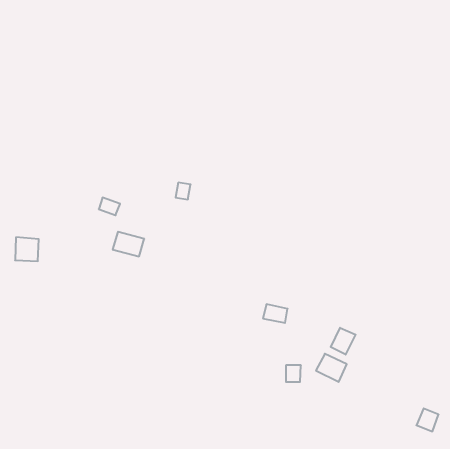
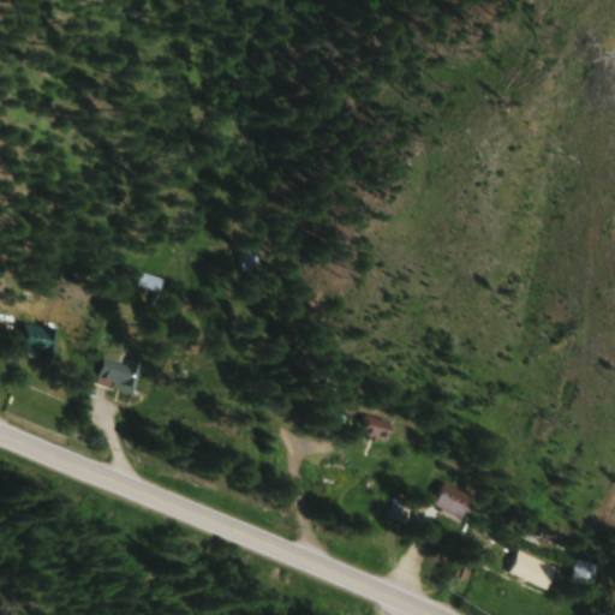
building: [113,232,144,256] -> [97,354,141,388]
building: [331,328,356,355] -> none
building: none -> [507,548,557,590]

